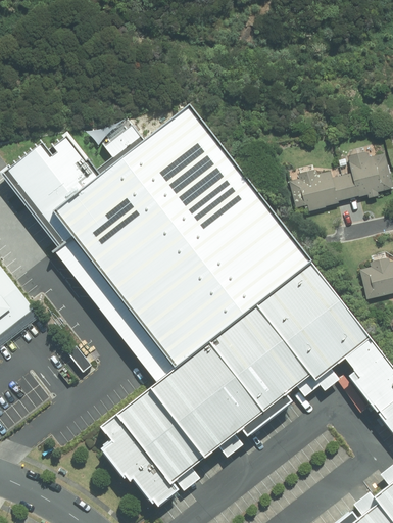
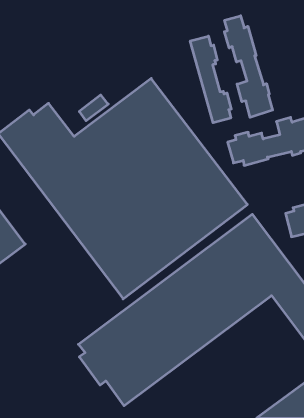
building: none -> [224,16,273,117]
building: none -> [190,36,231,123]

